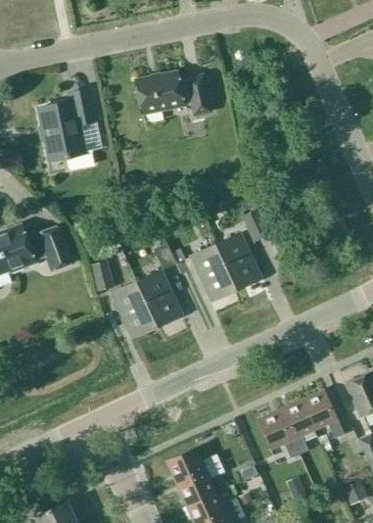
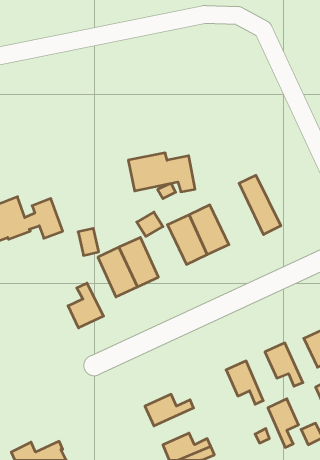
building: [135,72,211,115] -> [128,153,195,192]
building: [39,90,95,169] -> none
building: none -> [239,175,281,235]
building: none -> [68,283,104,328]
building: [280,399,315,455] -> [268,399,299,447]
building: [176,463,225,505] -> none

